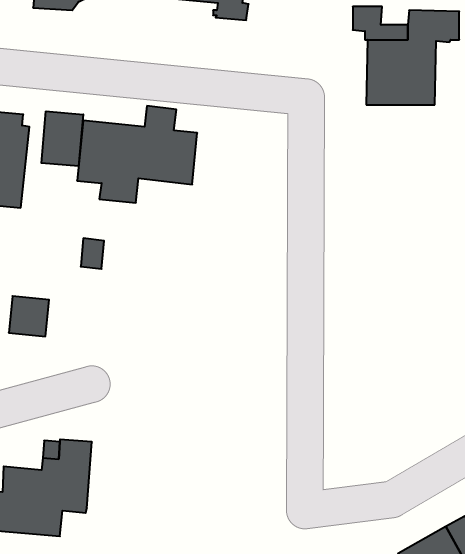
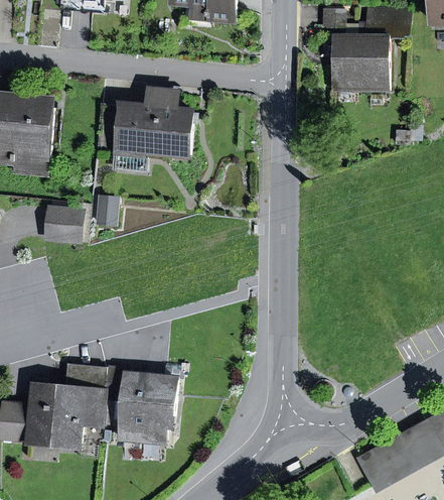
building: [41,111,83,166] -> none
building: [9,296,49,336] -> [48,208,82,241]
building: none -> [103,367,177,440]

